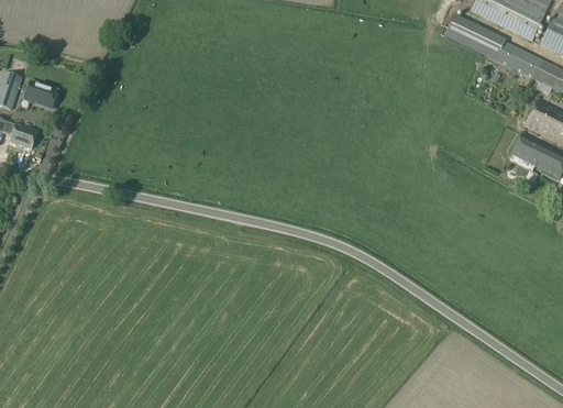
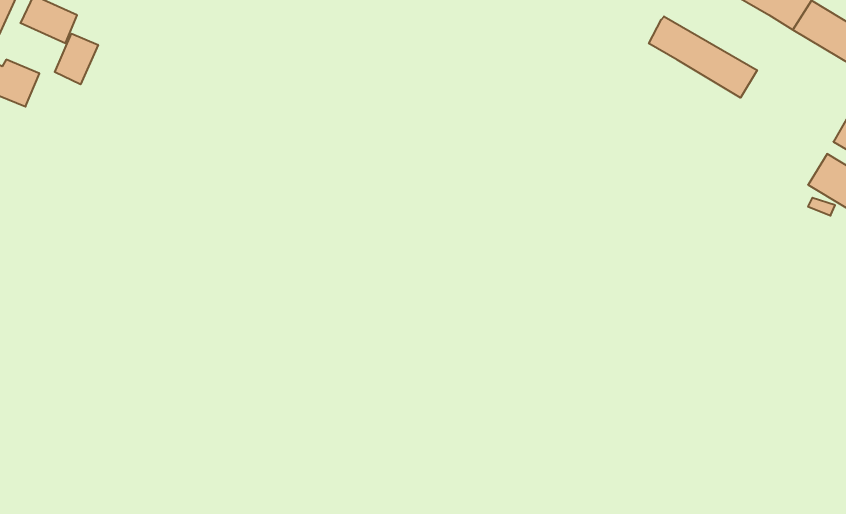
building: none -> [649,16,757,98]
building: none -> [55,34,98,84]

